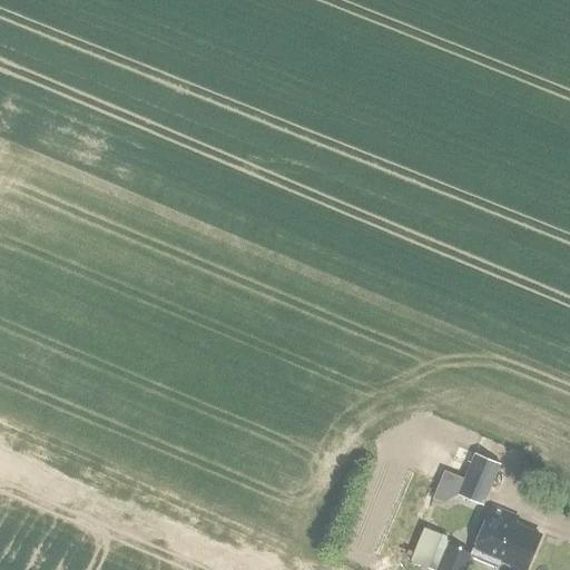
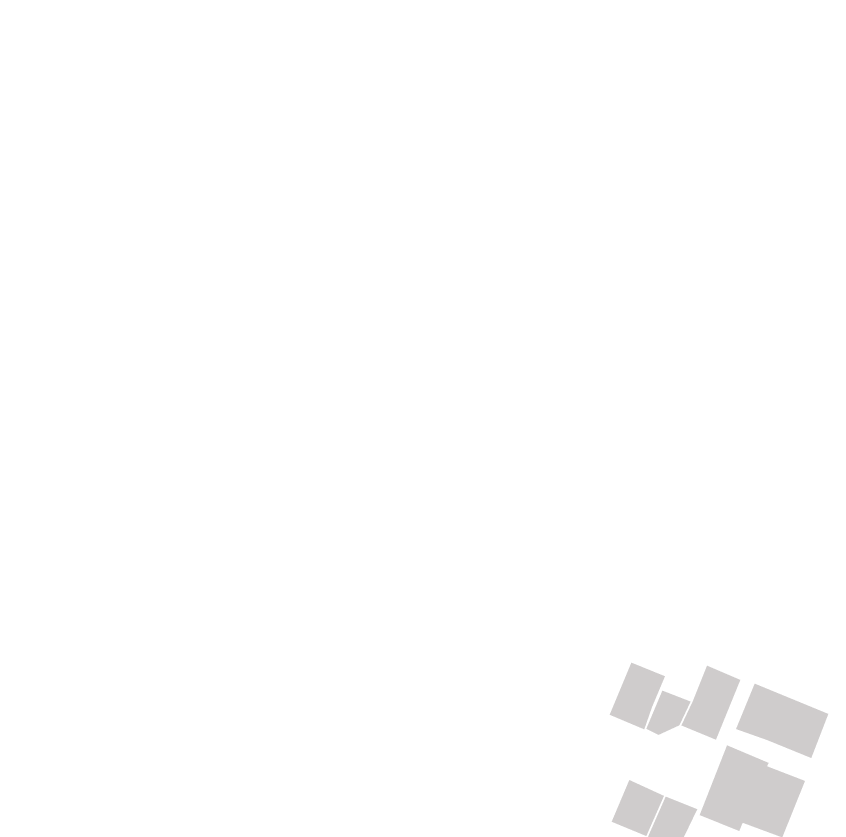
building: none -> [608,662,666,730]
building: none -> [735,683,830,759]

